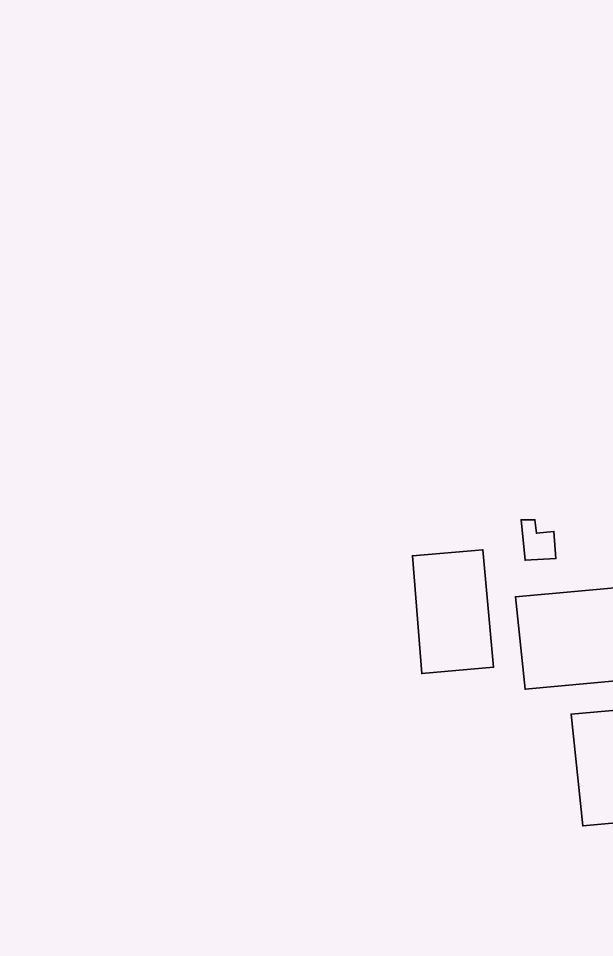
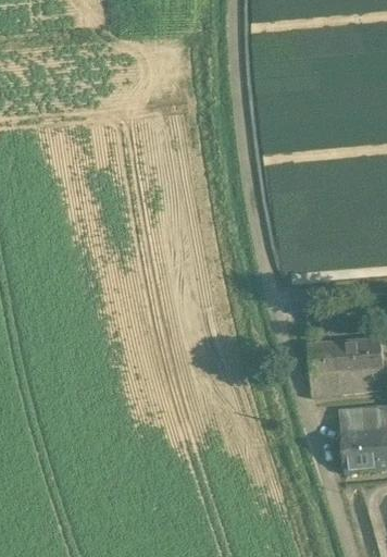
building: [413,550,493,673] -> none

